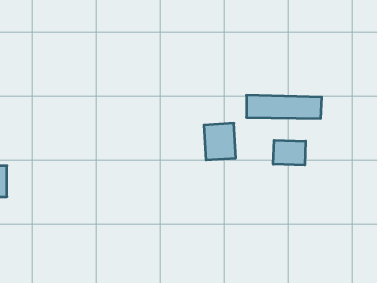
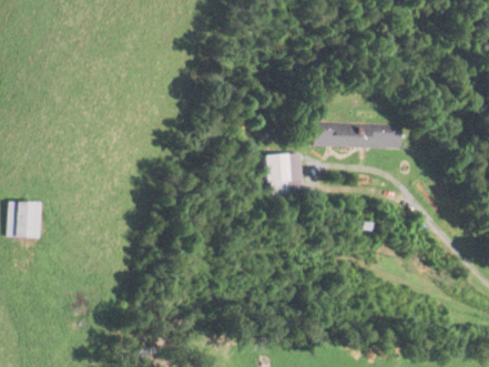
building: [273,140,306,165] -> none

